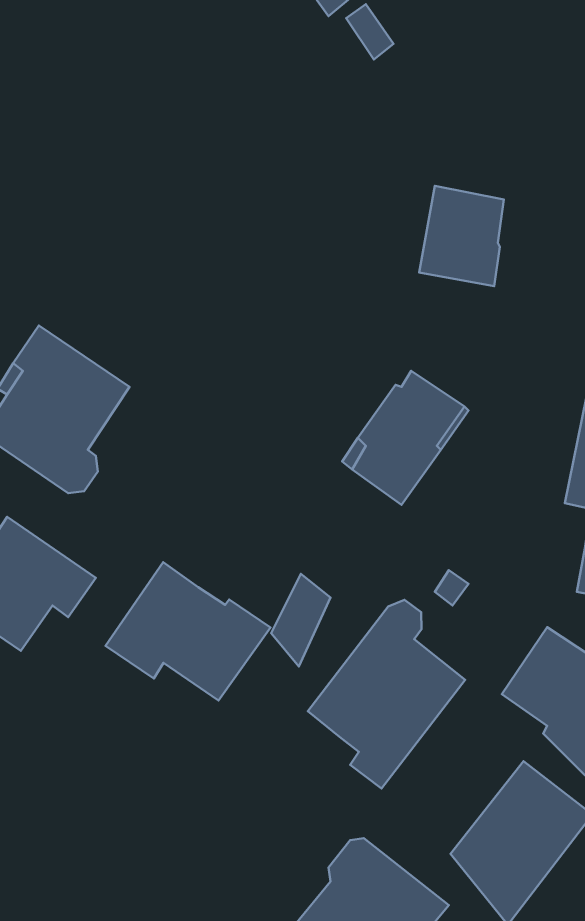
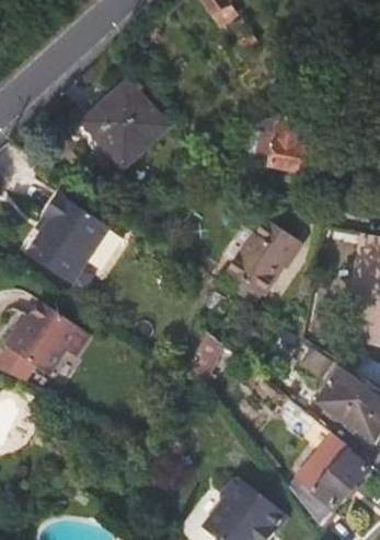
building: none -> [84,85,161,162]
building: [106,562,270,700] -> none
building: [308,600,465,789] -> none

